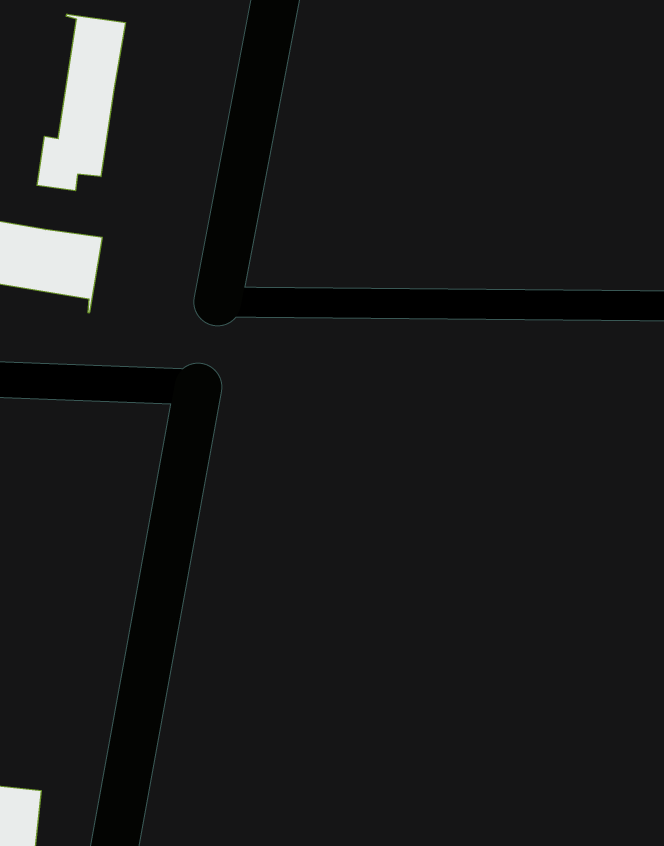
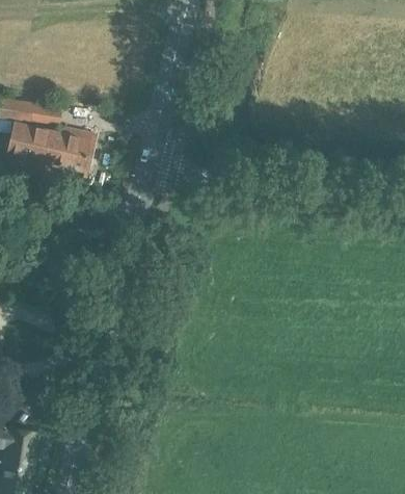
building: [37,14,125,191] -> none

